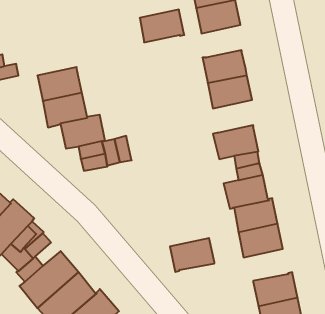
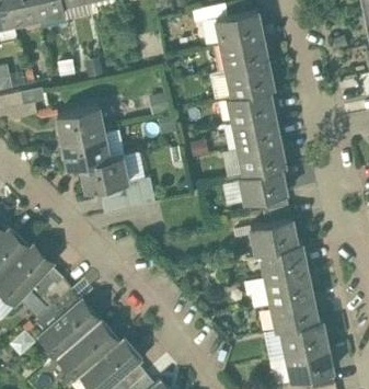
building: [140,10,184,42] -> [227,65,273,99]
building: none -> [239,142,285,176]
building: [170,238,214,272] -> [270,297,316,332]

